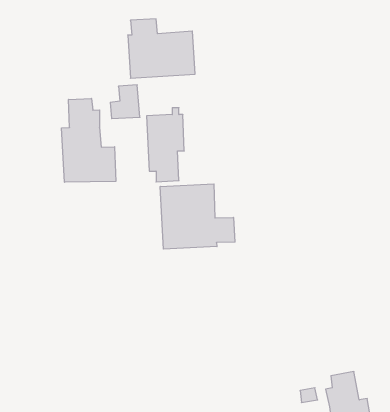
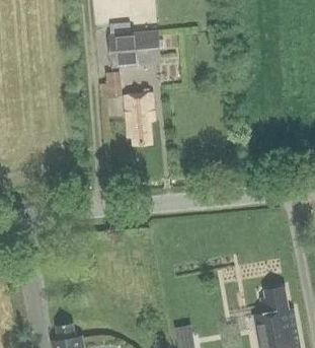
building: [62,98,116,182] -> none
building: [160,184,235,249] -> none

